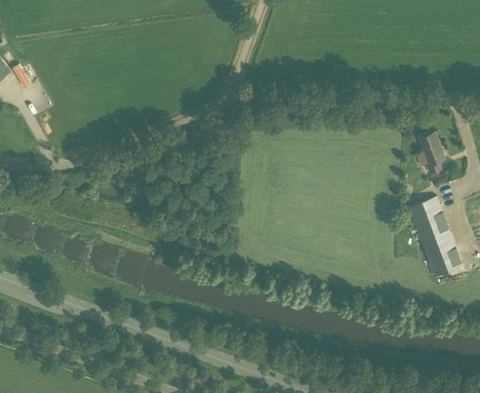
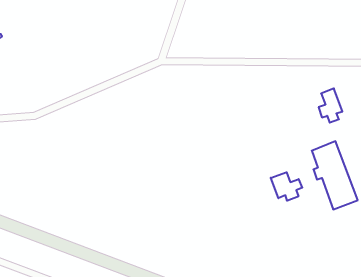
building: none -> [271,172,302,201]

